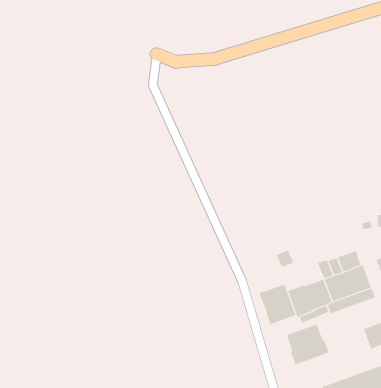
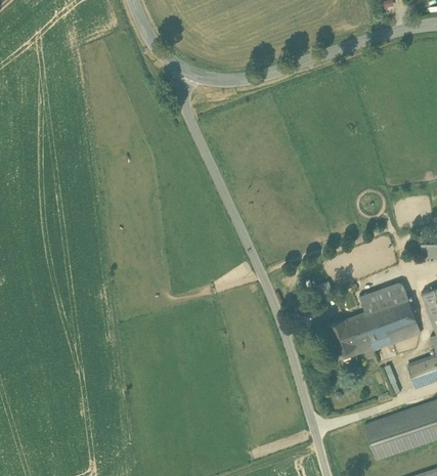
building: [259,284,296,325] -> none
building: [287,324,329,365] -> none

